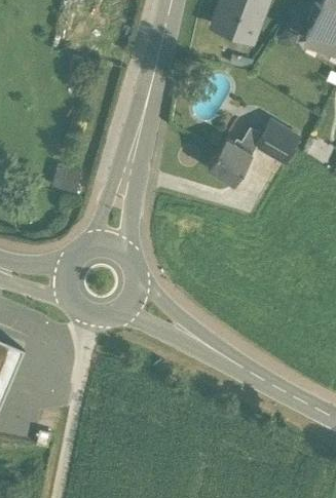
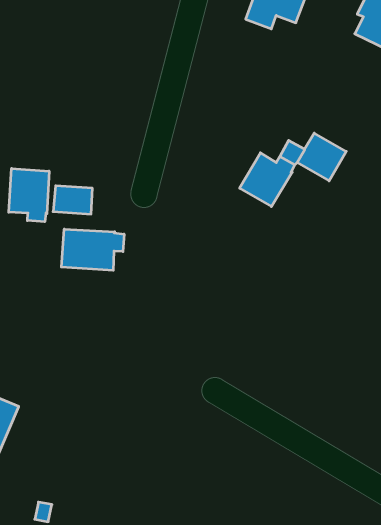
building: none -> [9,168,49,222]
building: none -> [61,229,124,270]

